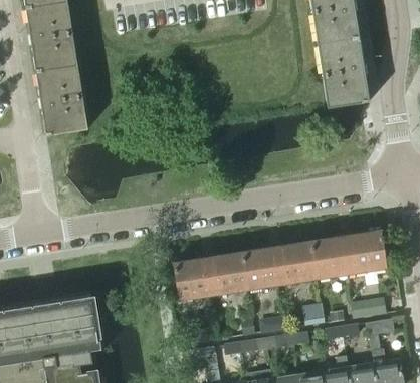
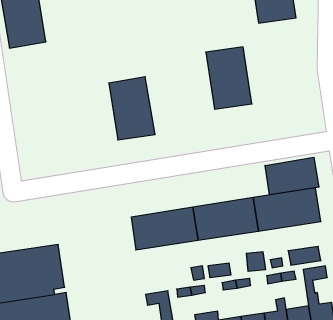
building: [318,38,370,108] -> [206,47,252,109]
building: [36,65,88,136] -> [109,77,155,140]
building: none -> [265,157,319,195]

